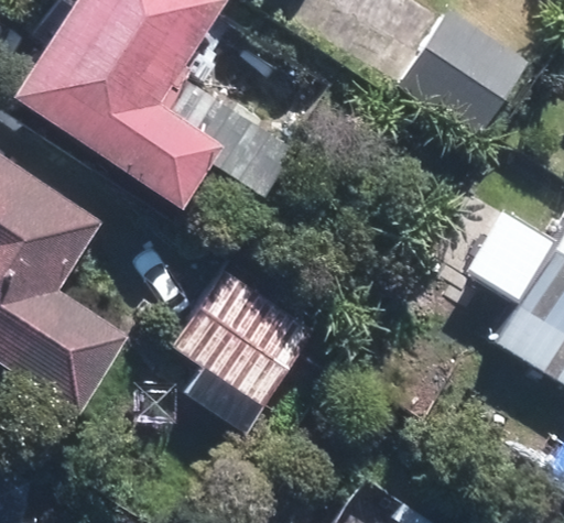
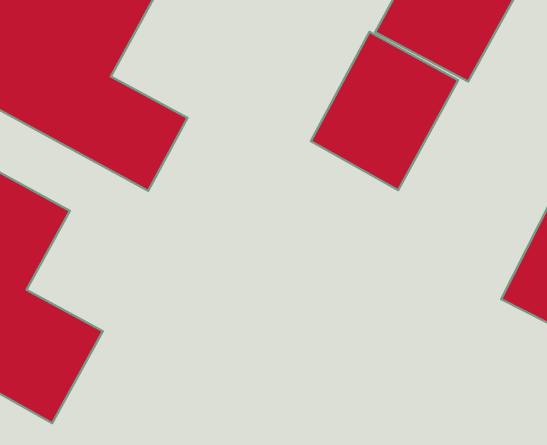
building: none -> [311,32,458,190]
building: [174,268,316,406] -> none

